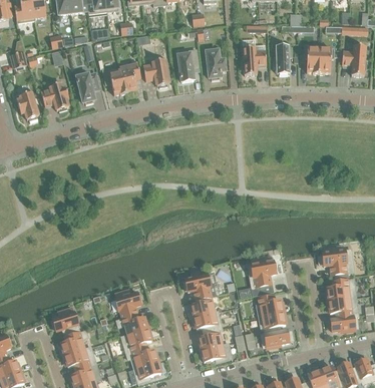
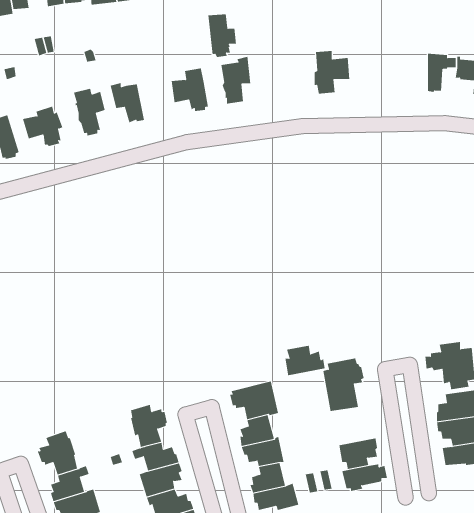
building: [274,42,292,72] -> none
building: [304,43,320,72] -> none
building: [206,49,226,79] -> [208,14,237,57]
building: [120,60,140,92] -> none
building: [257,295,285,316] -> [285,345,325,376]

